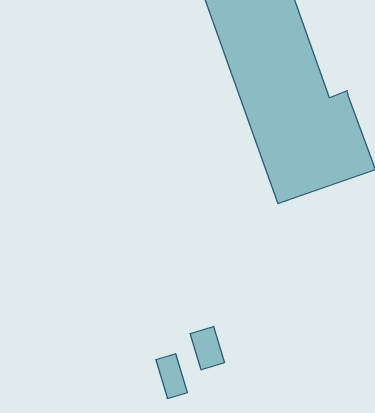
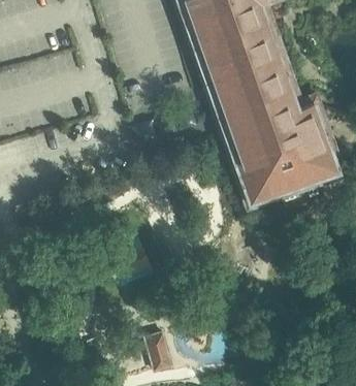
building: [190,326,225,370] -> none

